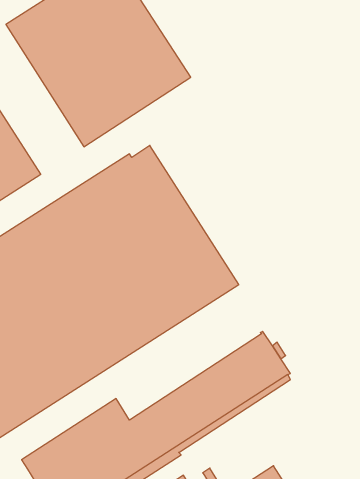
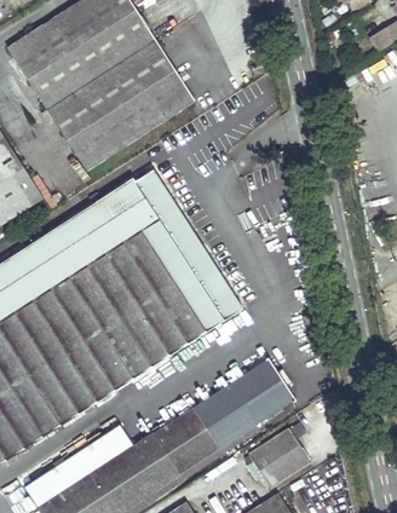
building: none -> [248,422,309,485]

